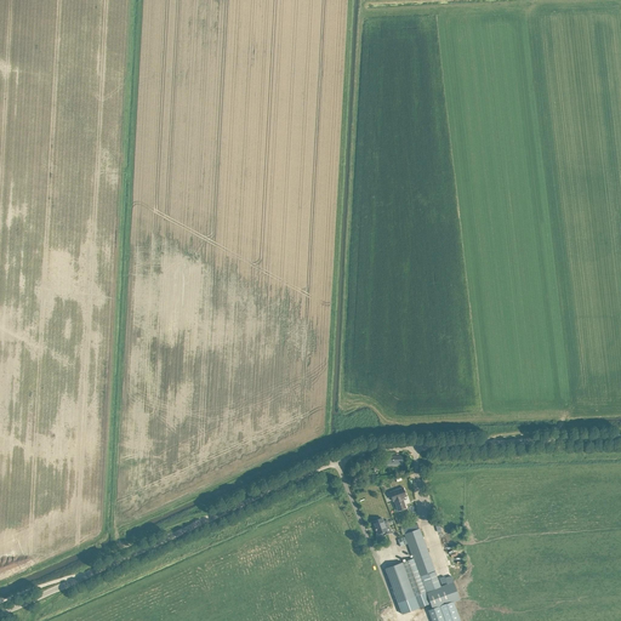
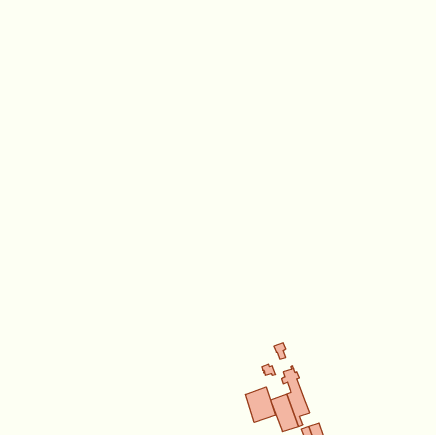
building: none -> [245,387,276,422]

